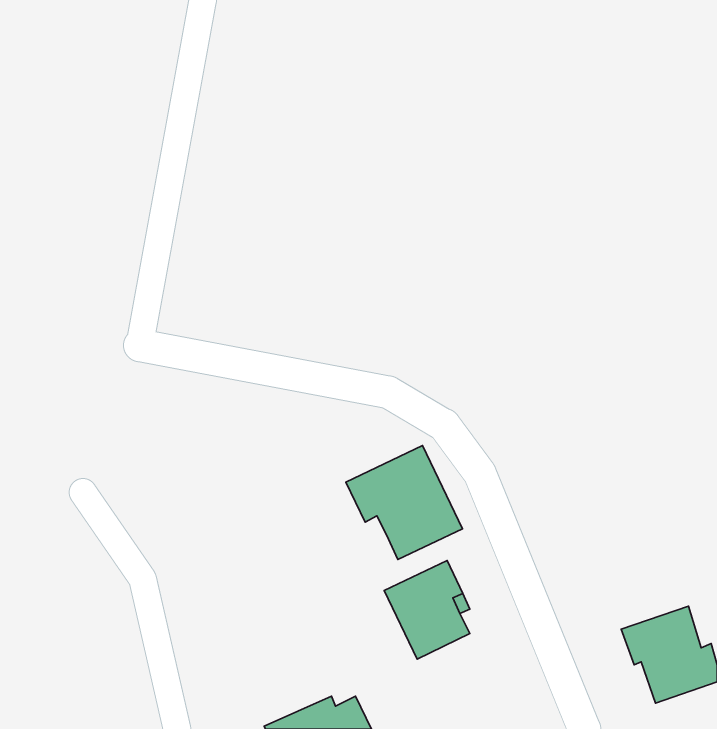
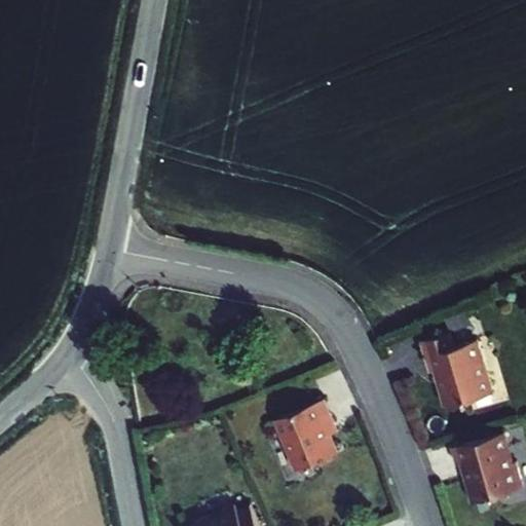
building: [346,445,462,559] -> none
building: none -> [421,334,490,399]

